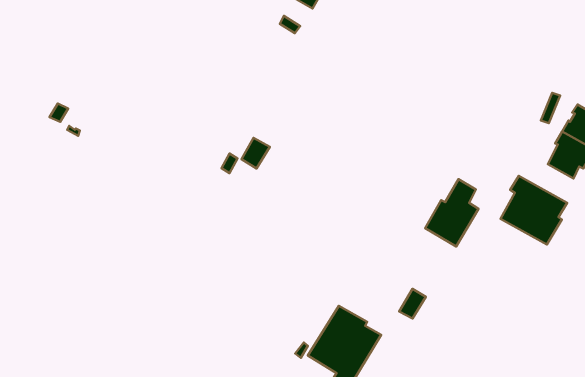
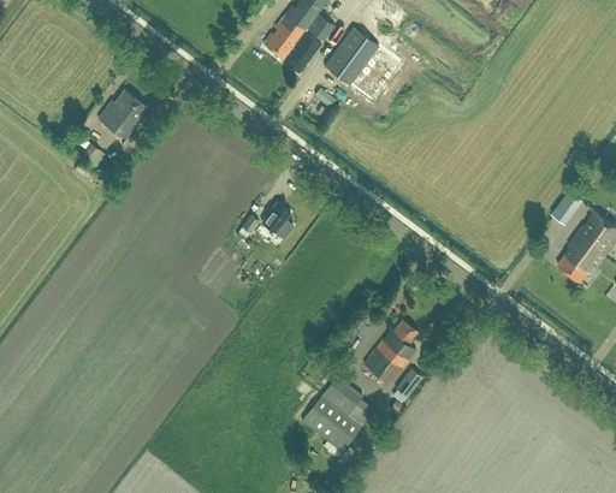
building: none -> [99,89,147,139]
building: [500,176,567,245] -> none
building: [425,179,479,247] -> [361,317,415,382]

